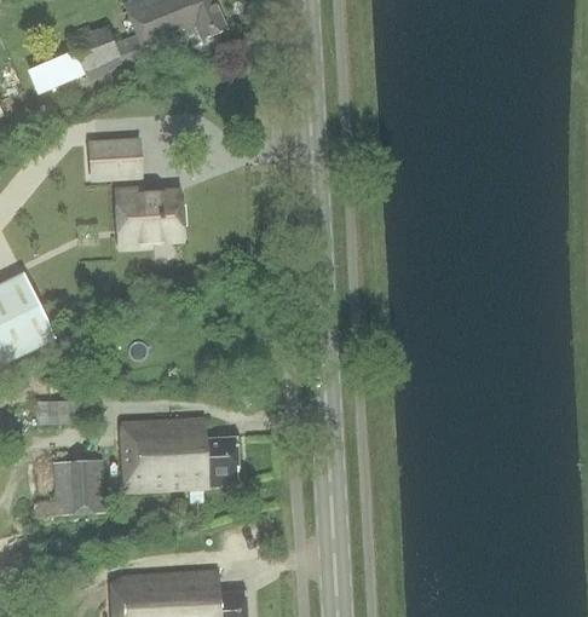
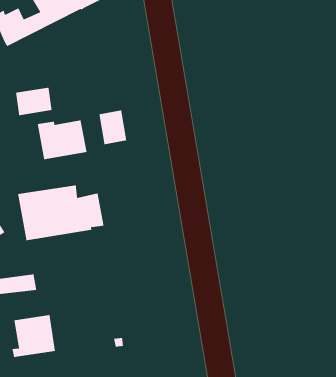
building: none -> [98,109,127,145]
building: [120,419,237,490] -> [17,184,105,241]

